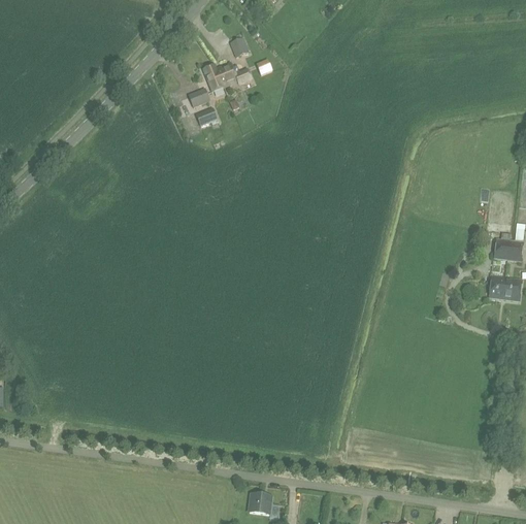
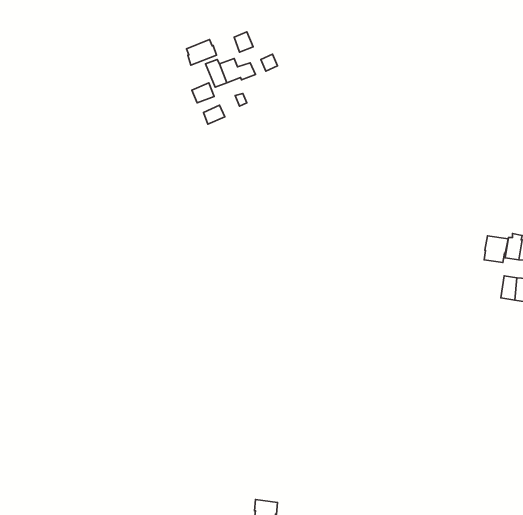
building: none -> [187,39,216,65]
building: none -> [484,236,508,263]

